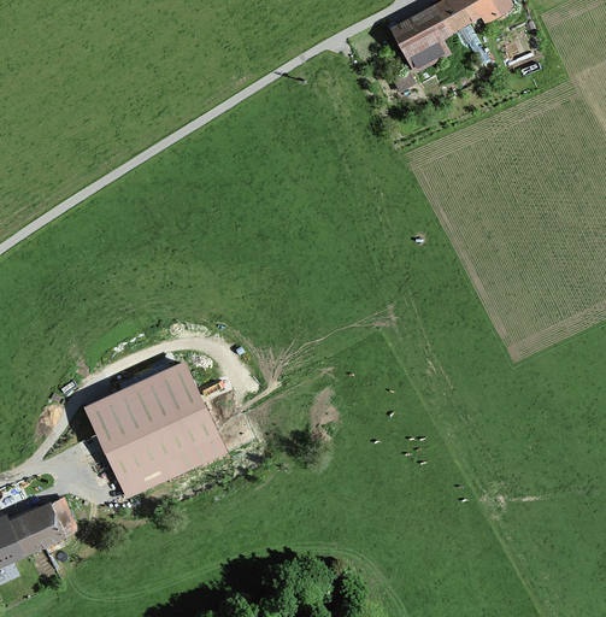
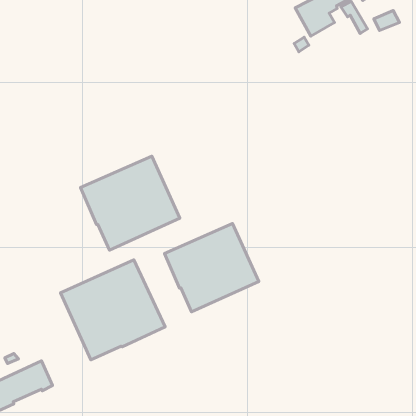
building: none -> [81,156,180,250]
building: none -> [165,223,259,312]

